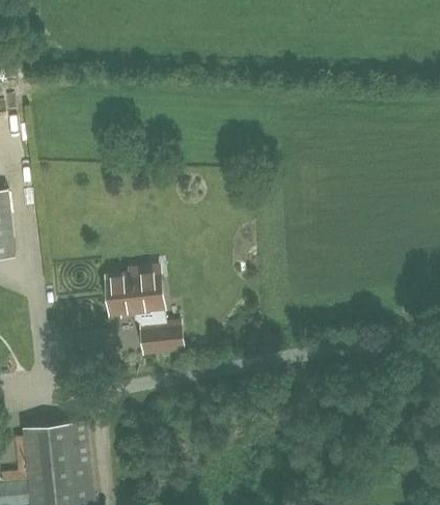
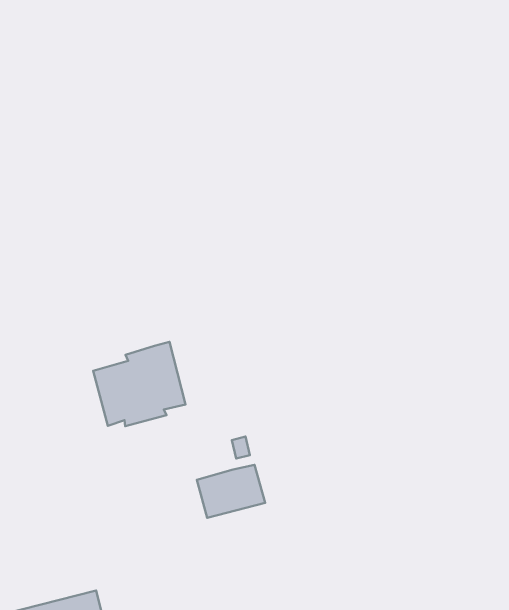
building: [141,324,184,354] -> [197,465,265,518]

